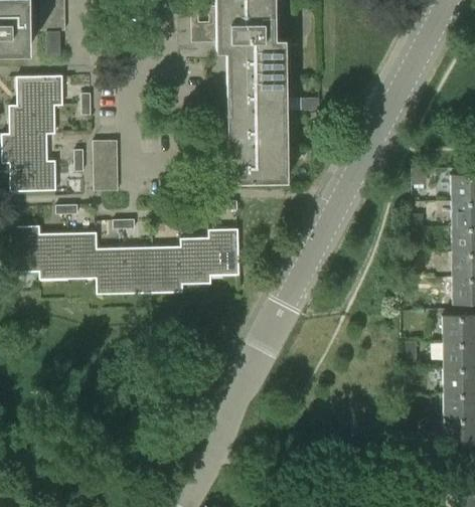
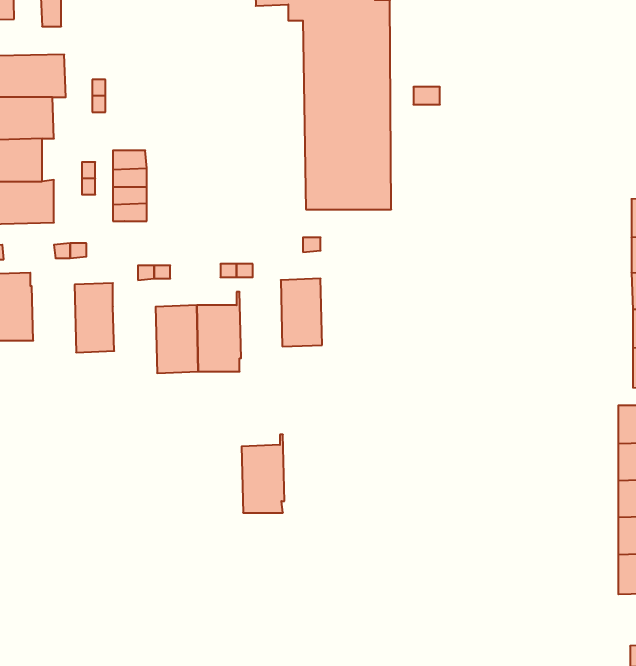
building: [183,230,212,284] -> [242,435,284,513]
building: [41,233,71,280] -> none
building: [97,248,127,295] -> none

